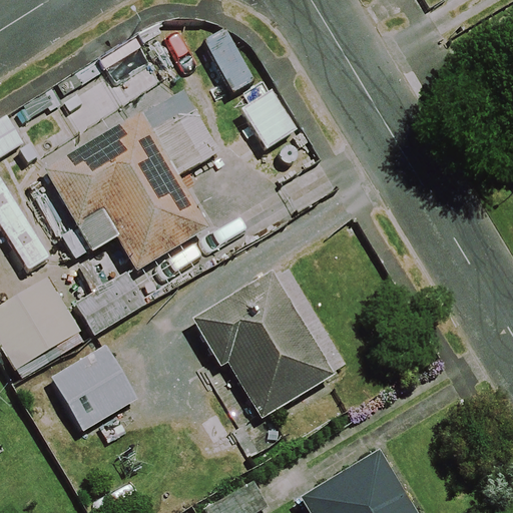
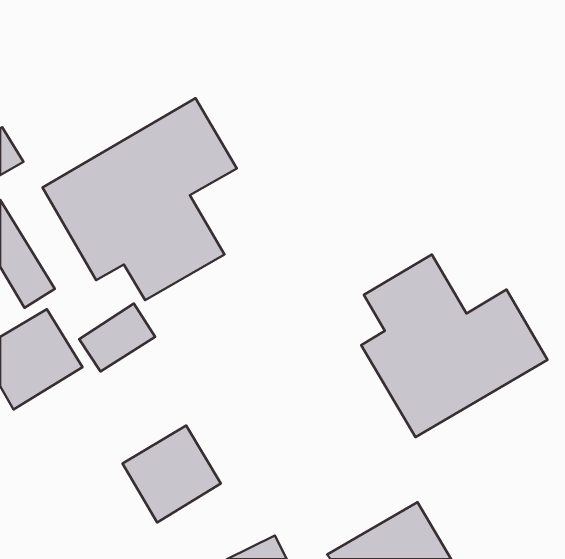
building: none -> [361,255,547,437]
building: [190,274,330,419] -> none
building: [51,342,139,429] -> [123,425,221,523]

